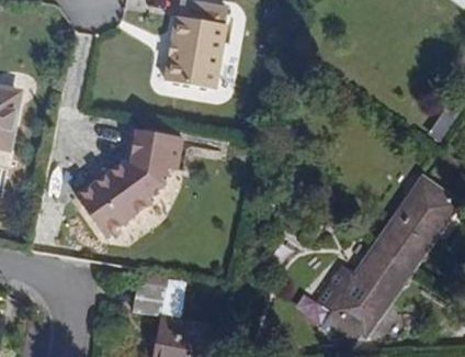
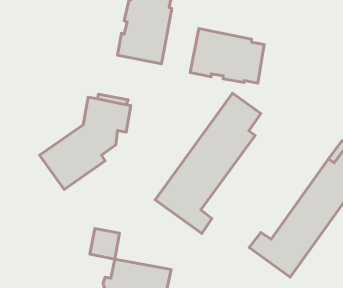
building: none -> [190,29,264,83]
building: none -> [155,93,261,233]

